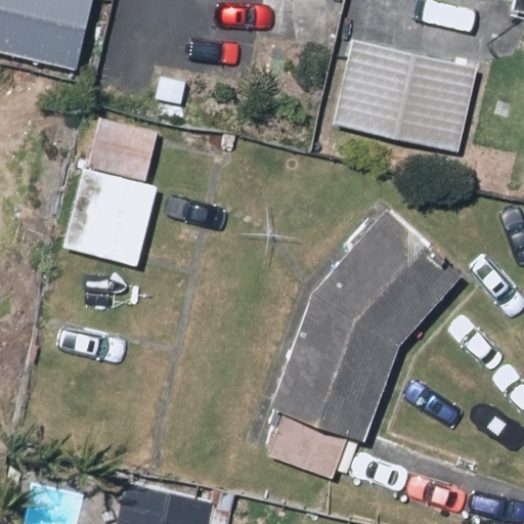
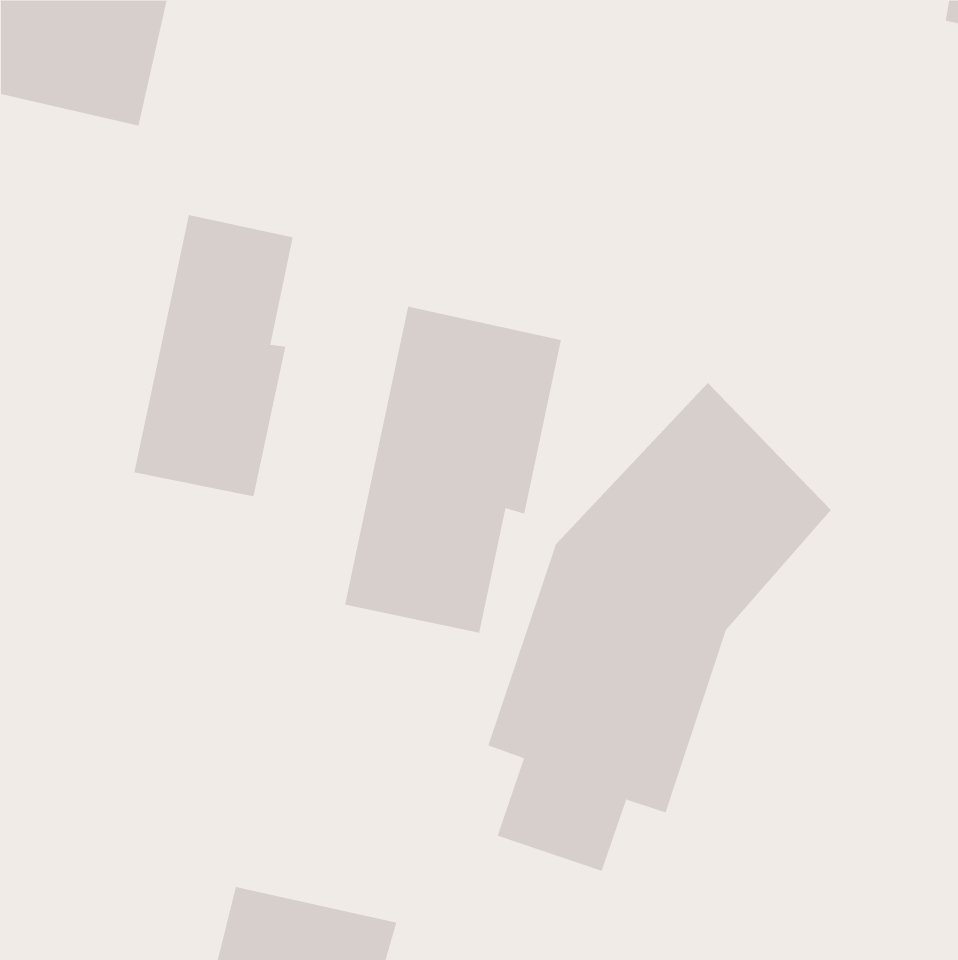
building: [333,42,474,152] -> none
building: none -> [344,306,561,633]

